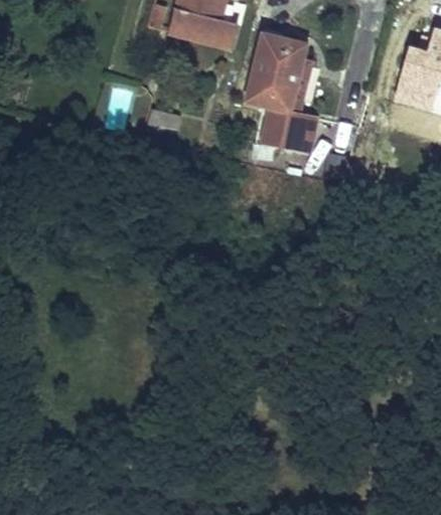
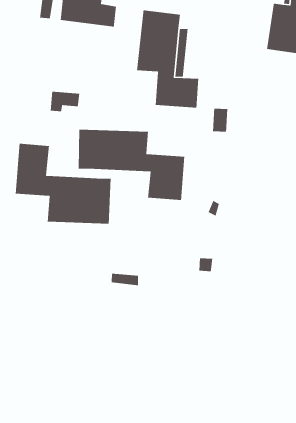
building: none -> [78,129,185,201]
building: none -> [15,143,111,224]

